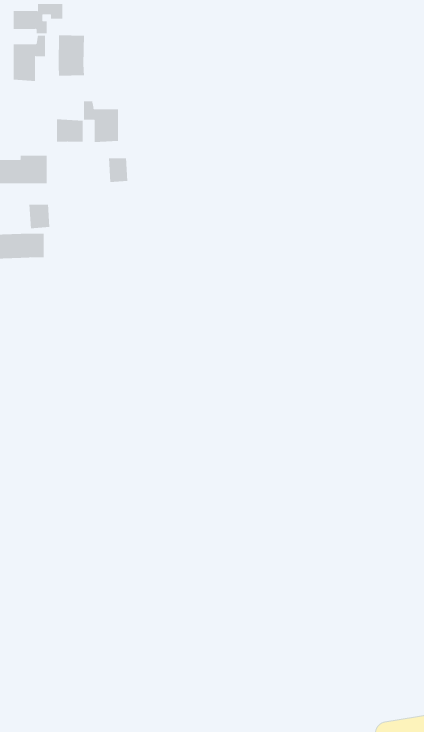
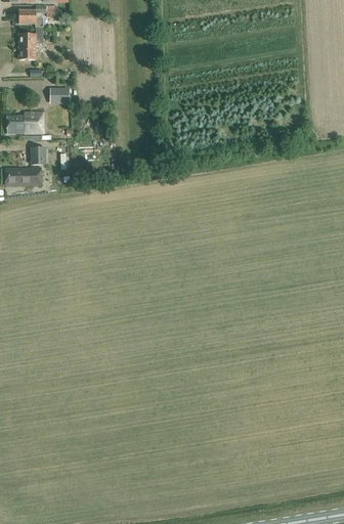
building: [58,34,84,76] -> none
building: [83,100,118,143] -> none

